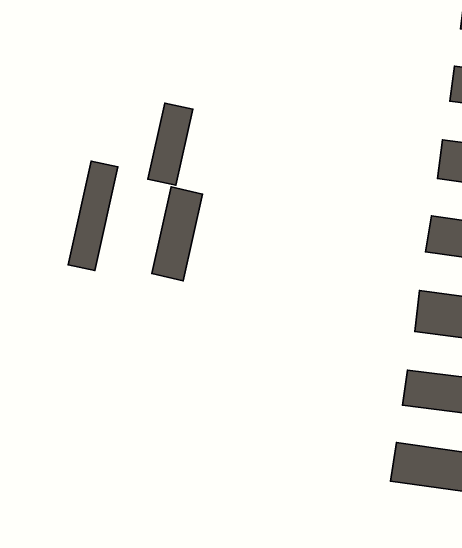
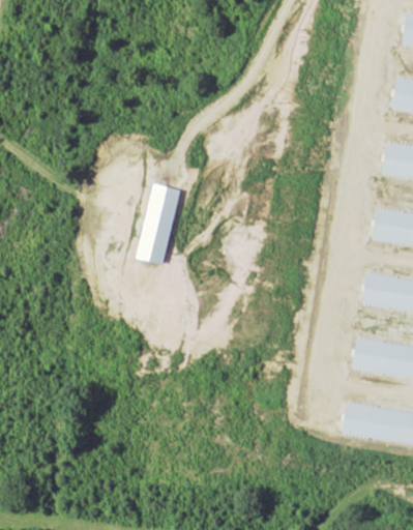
building: [148,103,193,185] -> none
building: [68,161,118,270] -> none

